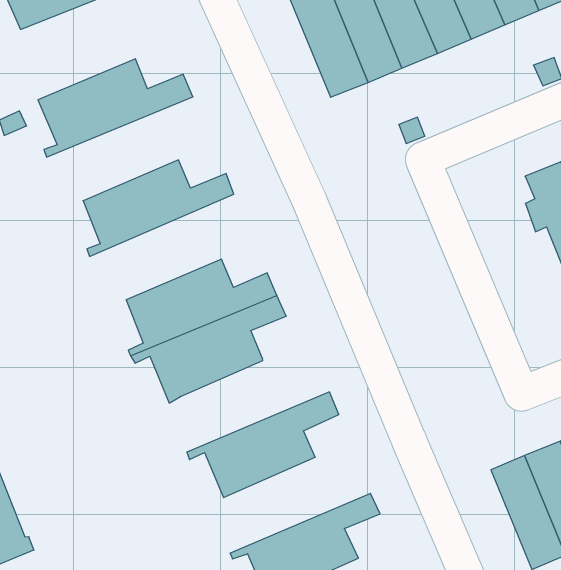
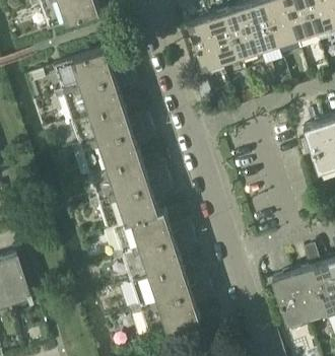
building: none -> [54,69,137,119]
building: none -> [72,122,154,172]
building: none -> [114,208,192,255]
building: none -> [131,263,209,309]

